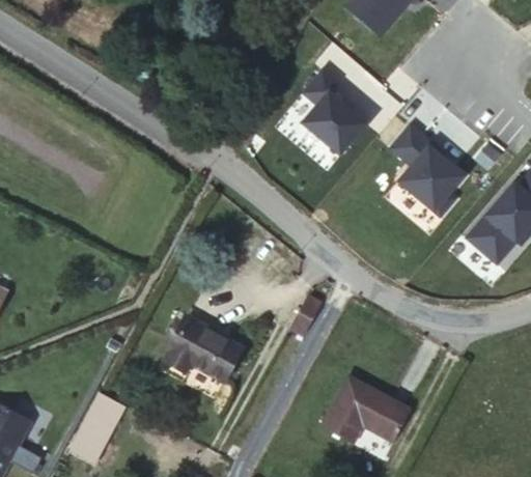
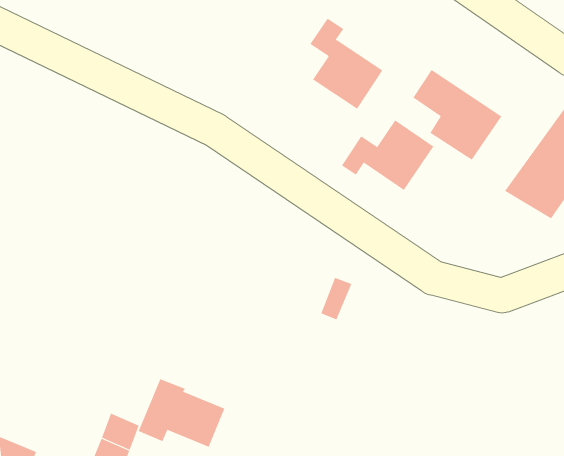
building: none -> [341,119,434,191]
building: [164,317,242,382] -> [138,378,225,448]
building: [322,378,410,444] -> none

